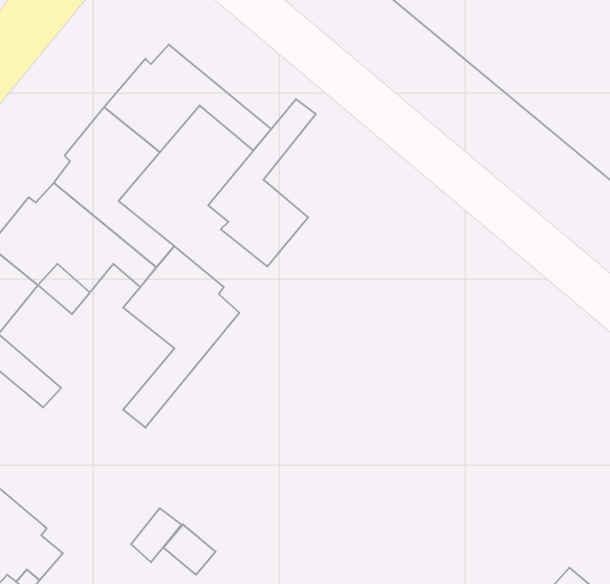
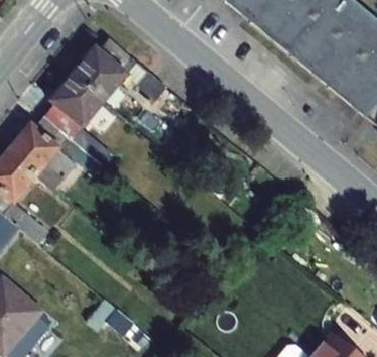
building: [208,99,316,267] -> none
building: [123,246,239,428] -> none

